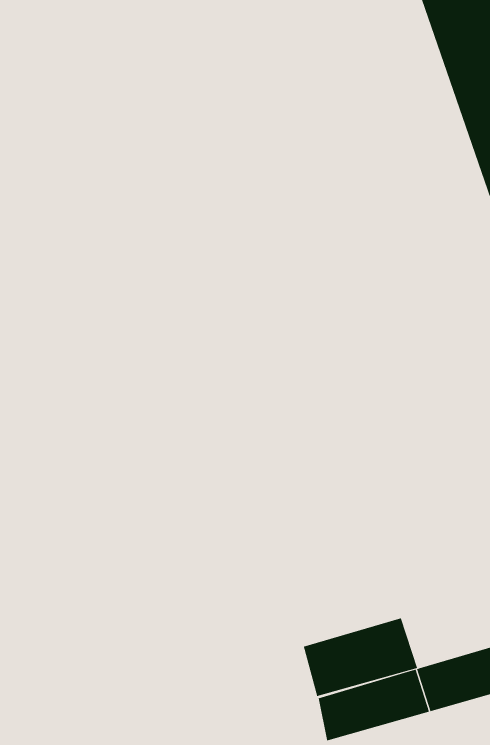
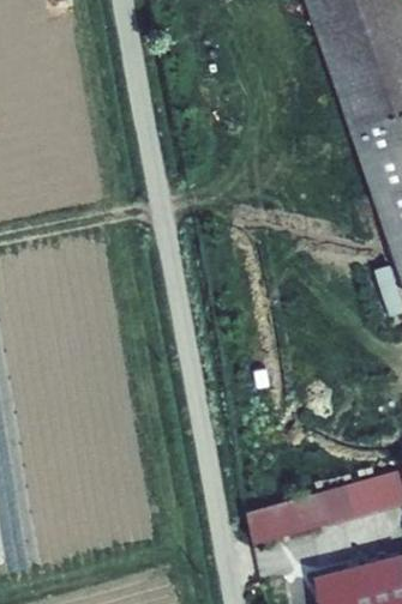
building: [303,618,418,697] -> none

